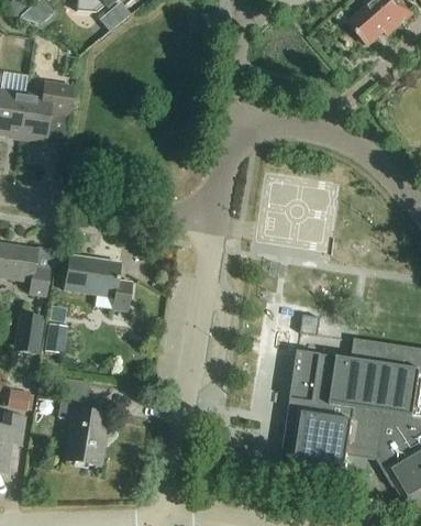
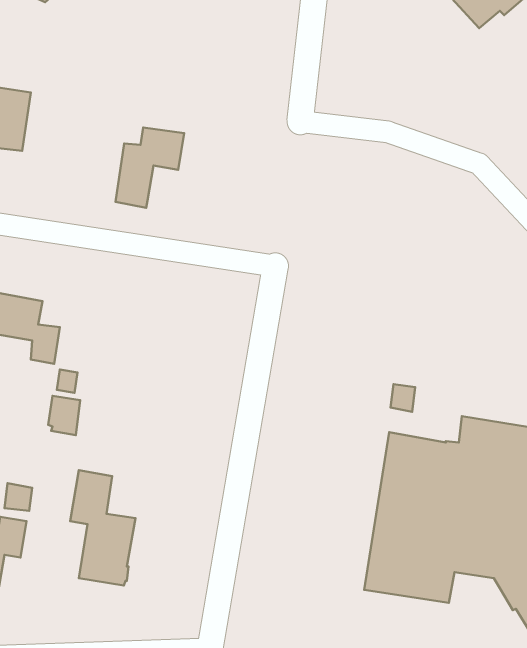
building: [23,81,75,142] -> [116,127,184,208]
building: [66,255,133,311] -> none
building: [18,314,43,354] -> none

